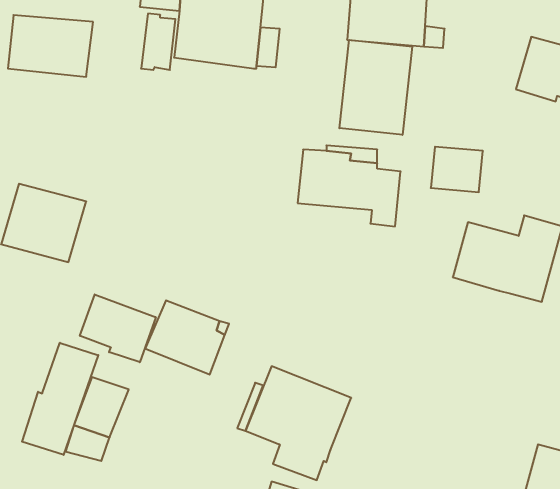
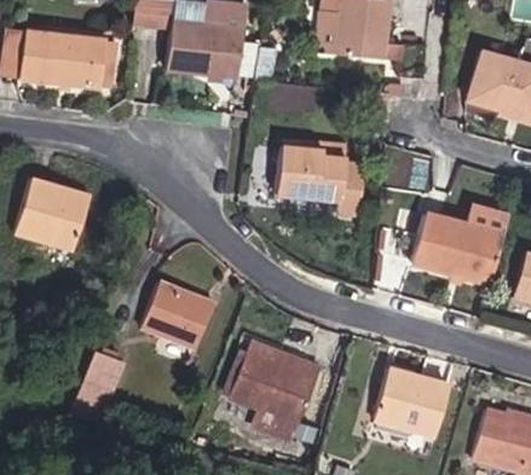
building: [141,14,175,70] -> [88,37,119,87]
building: [339,40,412,135] -> none
building: [80,294,156,362] -> none
building: [22,343,98,455] -> none
building: none -> [374,367,450,436]

